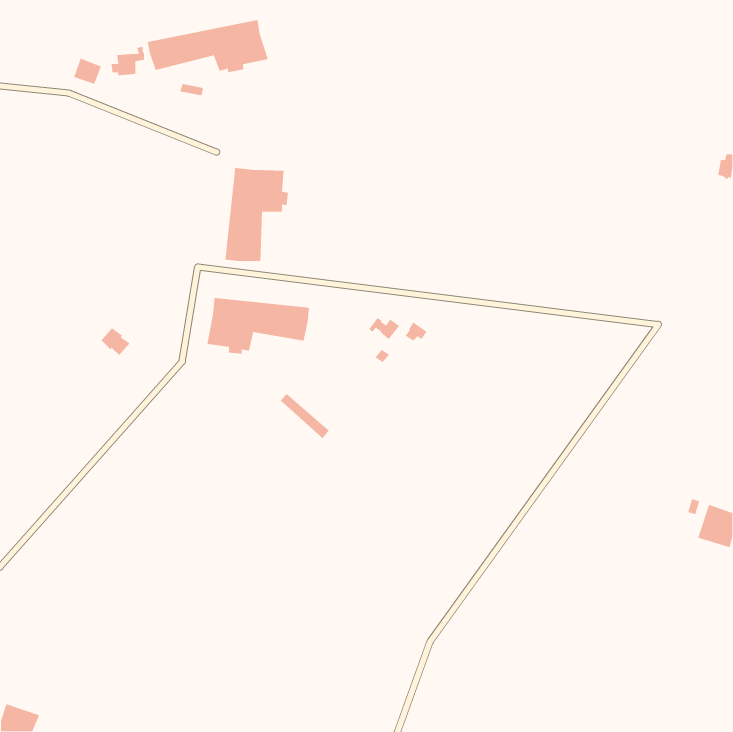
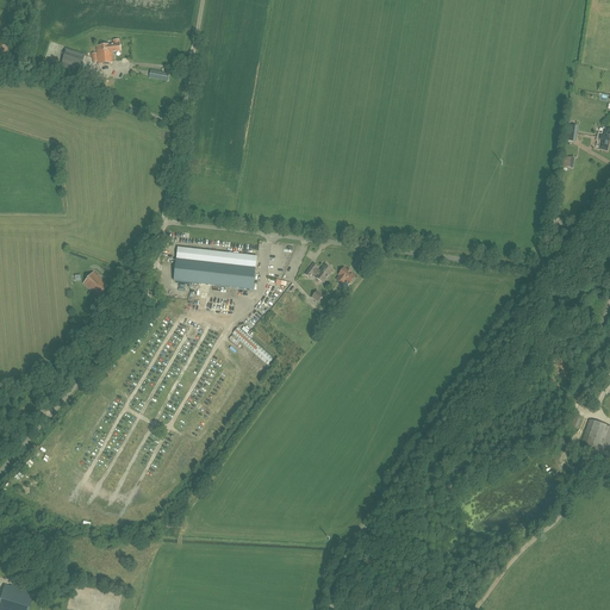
building: [147,19,269,73] -> none
building: [225,167,289,262] -> none

